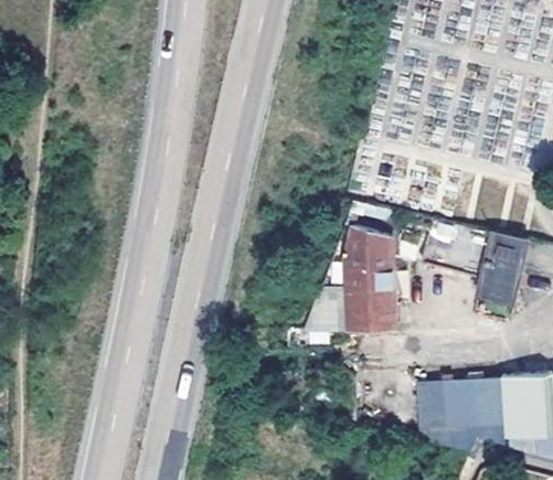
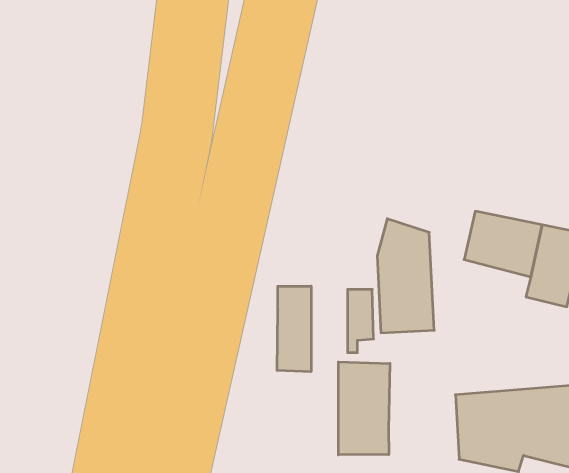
building: none -> [277,286,311,372]
building: none -> [338,362,390,455]

